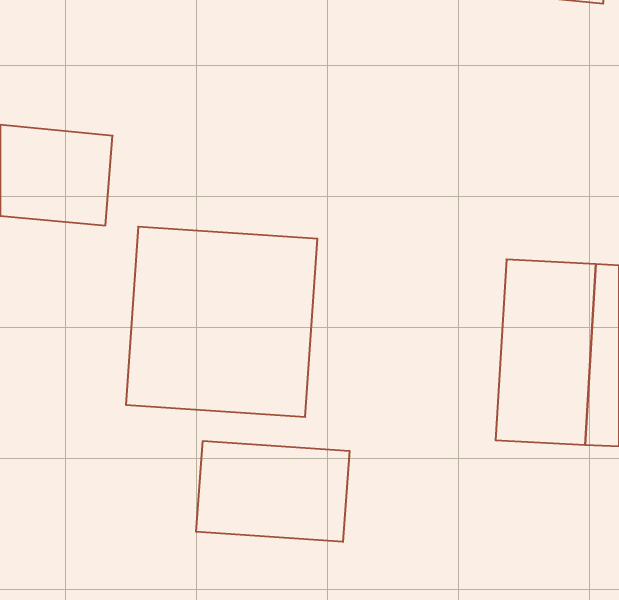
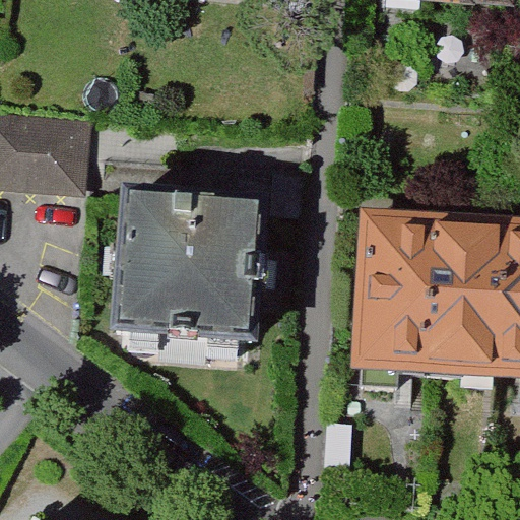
building: none -> [350,213,425,369]
building: [196,441,349,542] -> none

